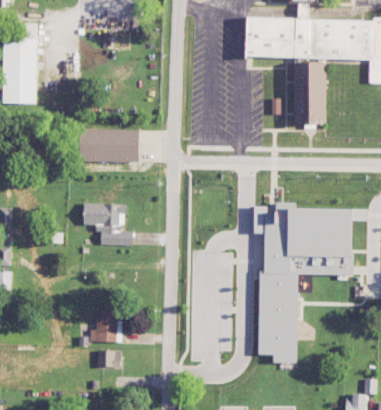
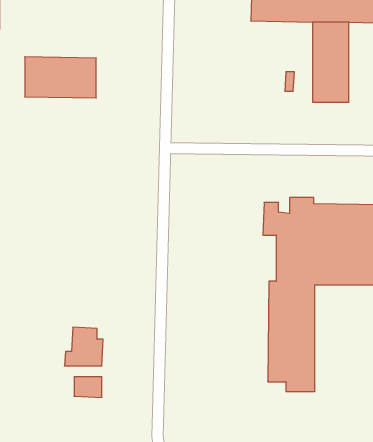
building: [80,128,139,162] -> [25,57,96,98]
building: [84,203,133,245] -> none

